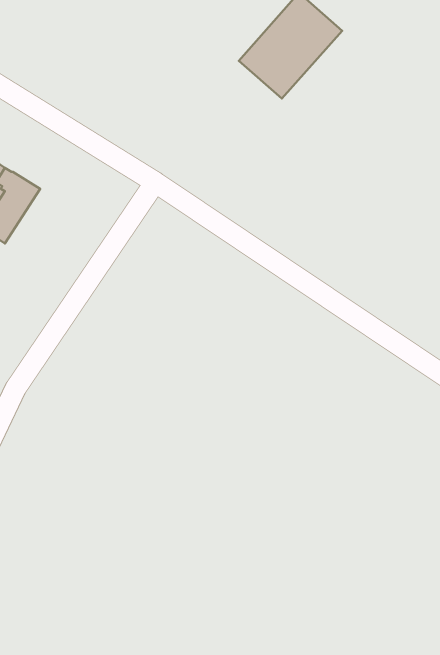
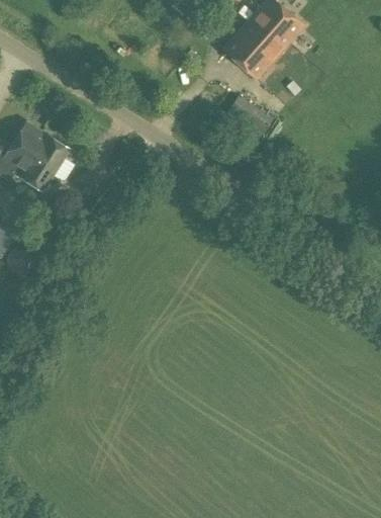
building: none -> [226,98,273,143]

